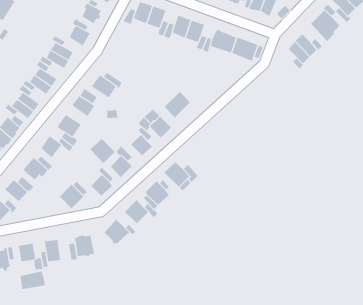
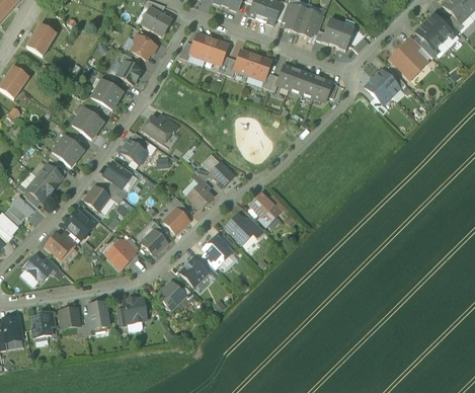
building: [164,91,190,118] -> none
building: [90,138,115,164] -> none
building: none -> [251,194,281,223]
building: [20,271,45,290] -> none

